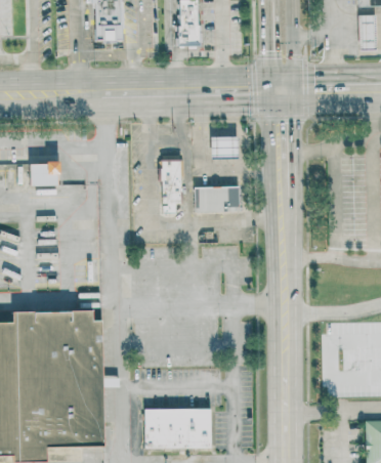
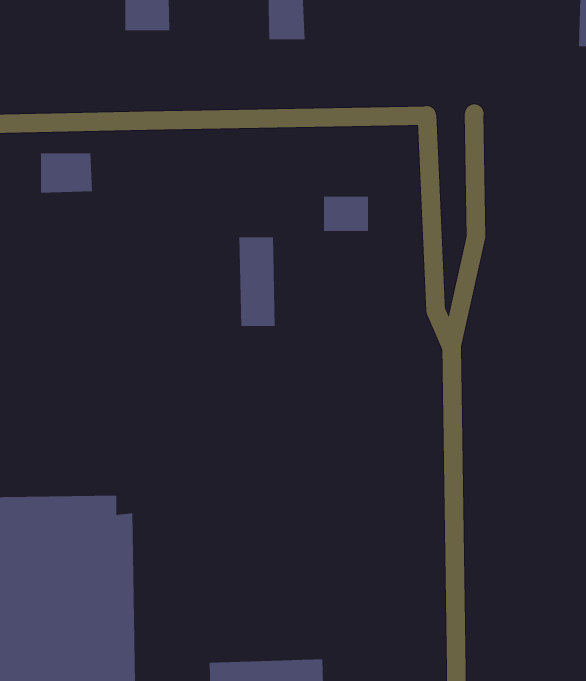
building: [29,162,59,185] -> [40,153,93,193]
building: [195,185,241,212] -> none

